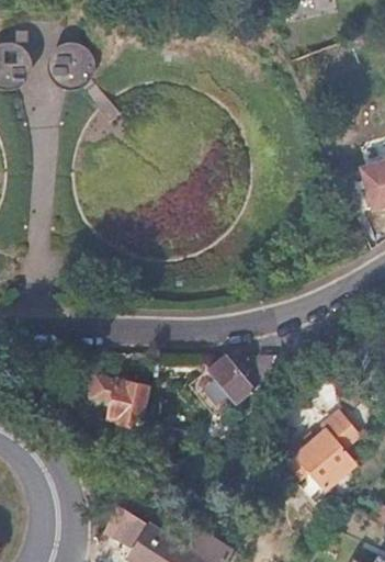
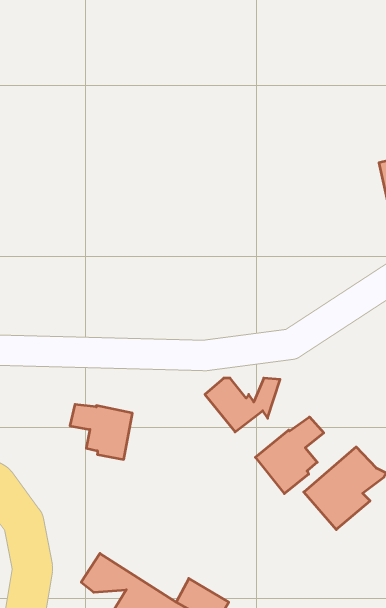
building: [44,37,93,89] -> none
building: none -> [255,417,324,494]

